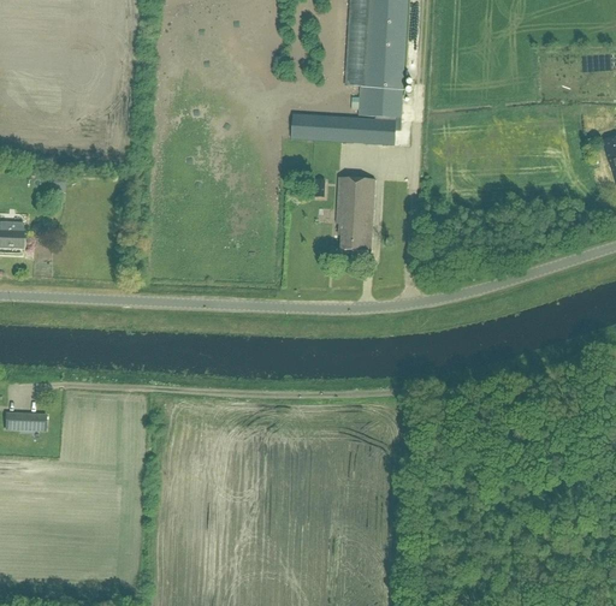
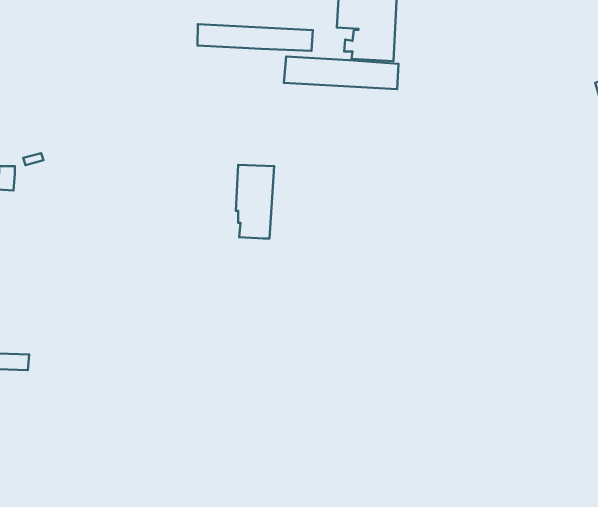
building: none -> [198,24,313,51]
building: [337,177,375,250] -> [236,165,274,238]

